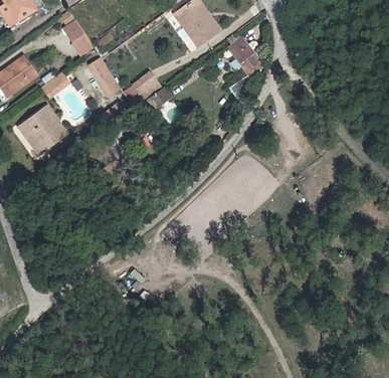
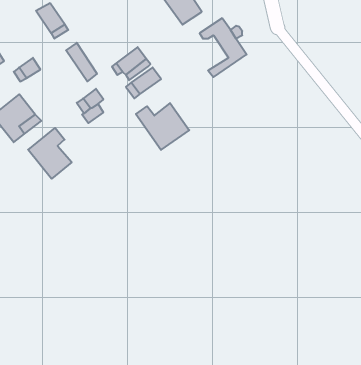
building: none -> [136,103,189,150]
building: none -> [28,128,72,179]

